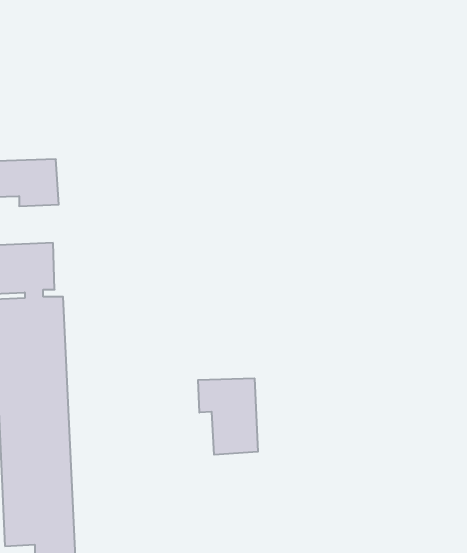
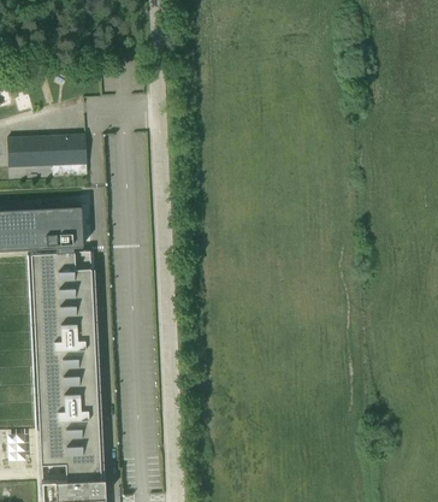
building: [198,378,258,455] -> none

